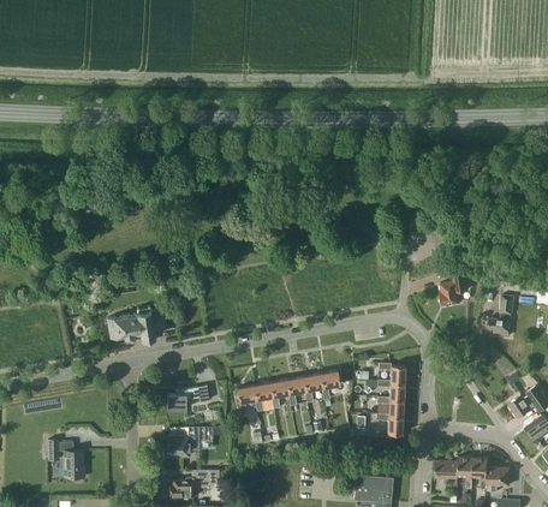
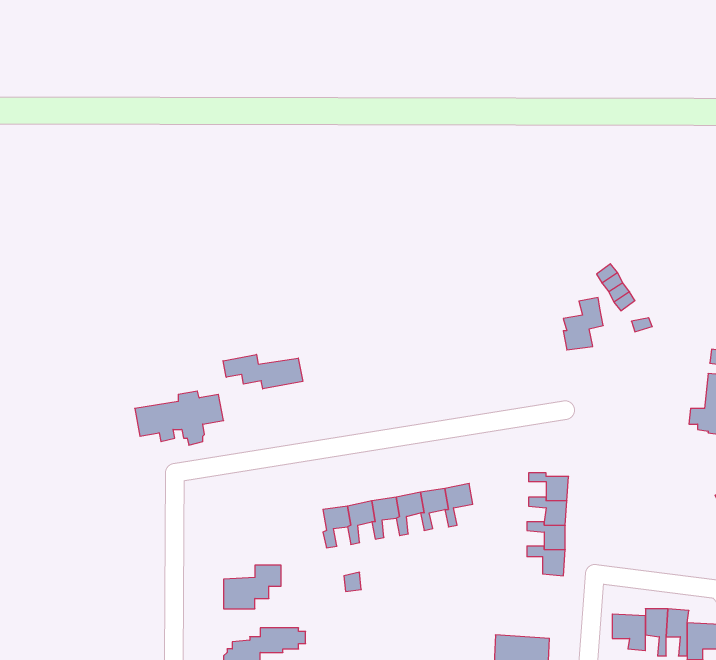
building: [440,269,467,305] -> [563,298,603,350]
building: none -> [223,354,303,389]
building: [167,384,209,408] -> none
building: [47,439,84,477] -> none

